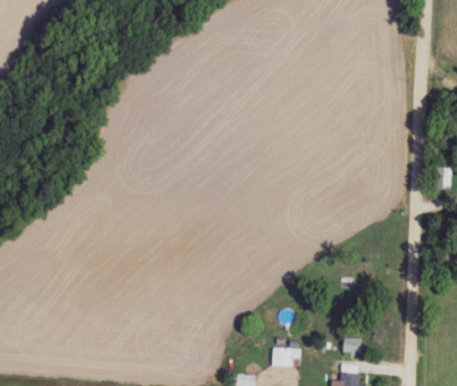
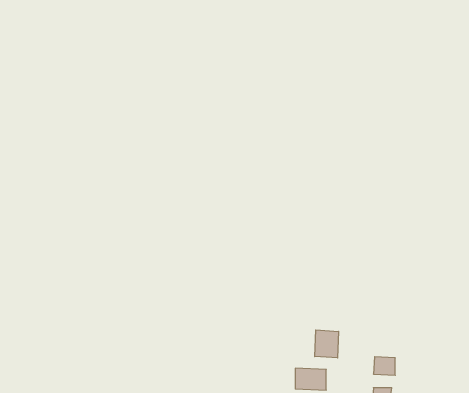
building: none -> [315,330,339,358]

